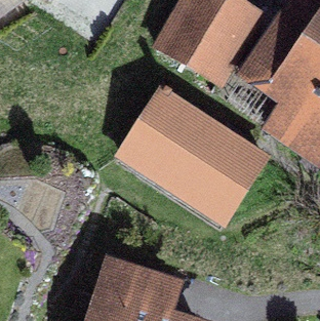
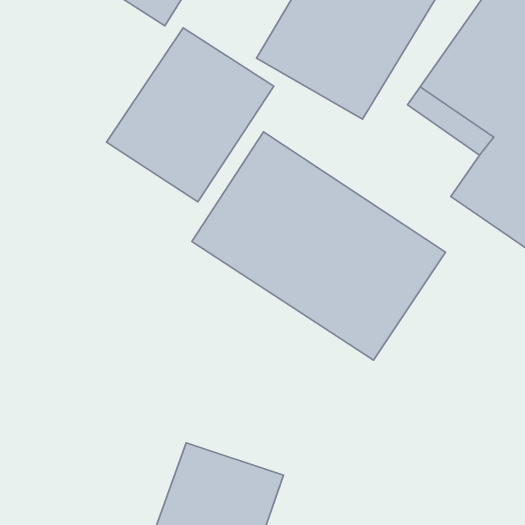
building: none -> [107,28,274,202]

